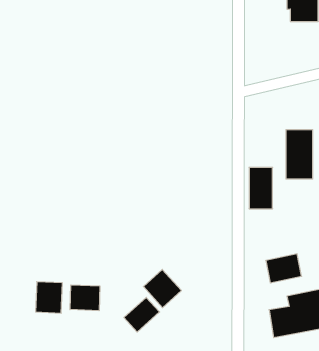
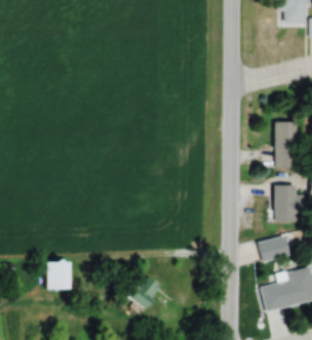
building: [249,167,273,209] -> [274,184,296,222]
building: [143,269,181,308] -> none
building: [70,285,100,311] -> none

